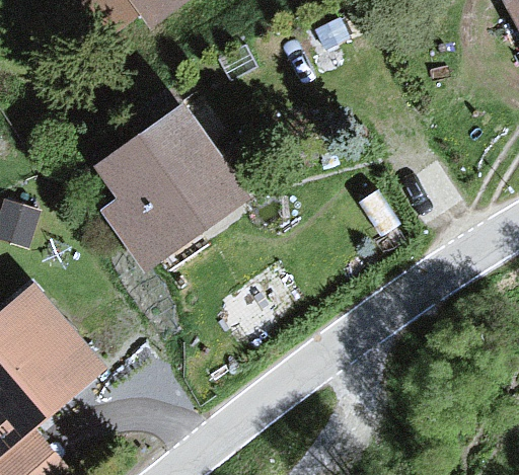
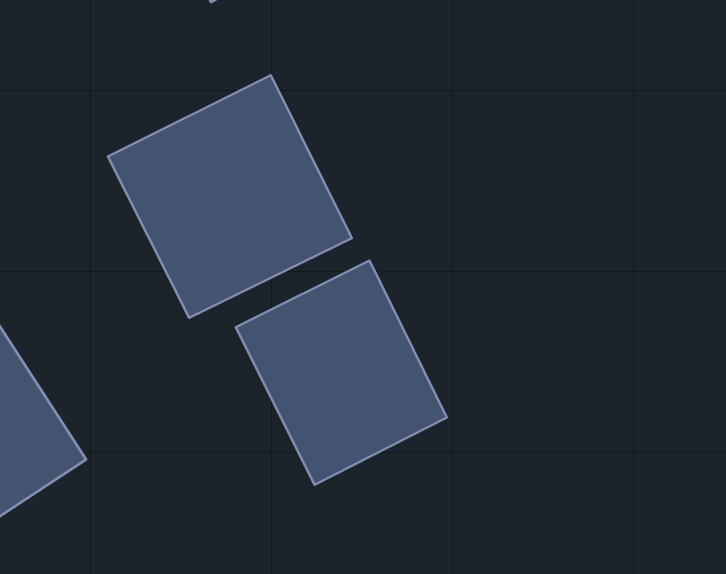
building: none -> [236,260,447,485]

